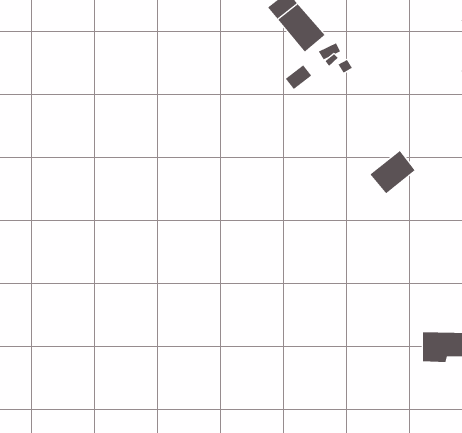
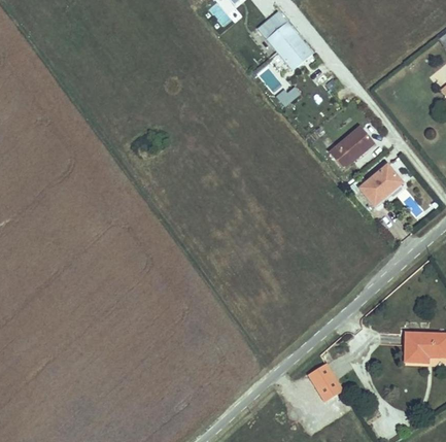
building: none -> [327,124,373,168]
building: none -> [307,362,345,403]

